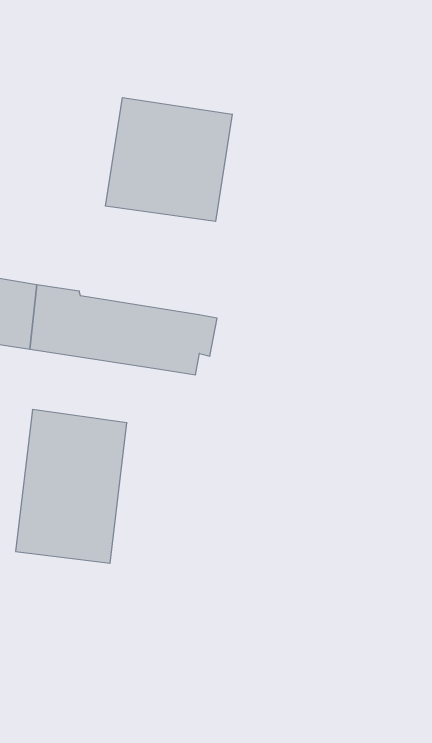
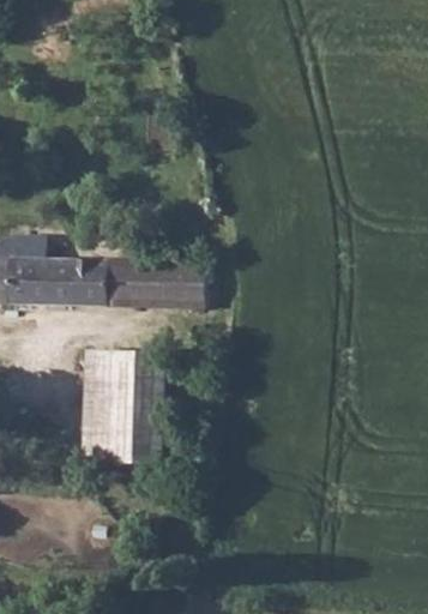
building: [106,98,232,221] -> none

